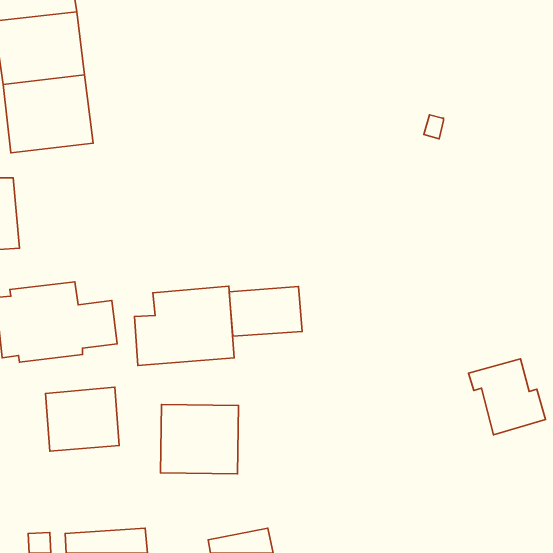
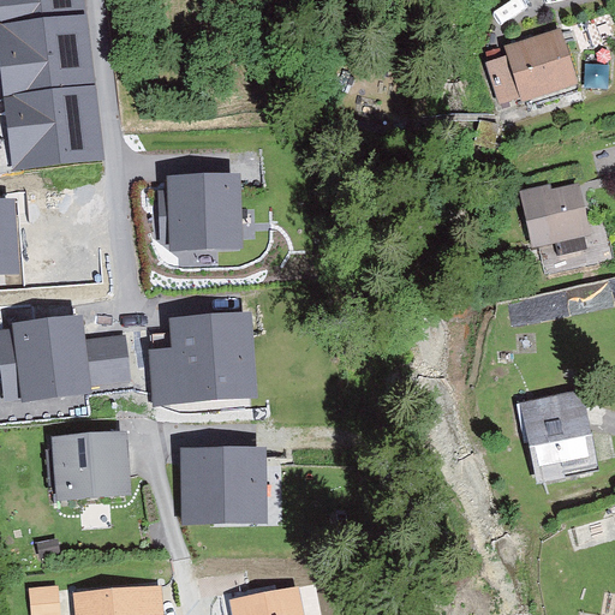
building: none -> [484,26,578,103]
building: none -> [157,171,245,252]
building: none -> [527,189,586,251]
building: [229,286,302,336] -> none

